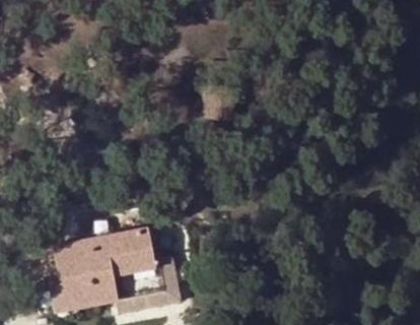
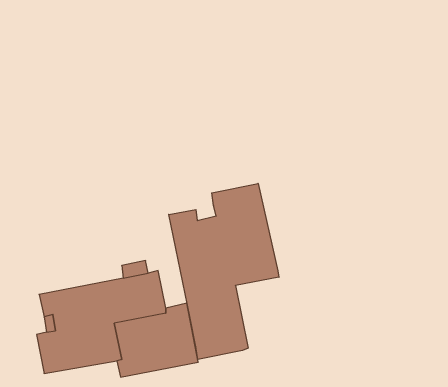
building: none -> [169,183,279,359]

